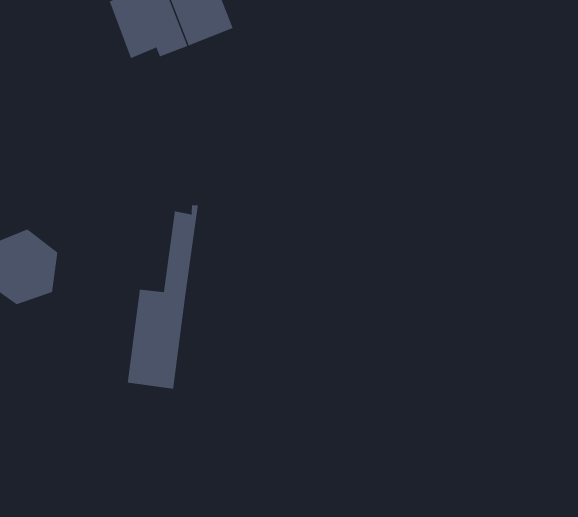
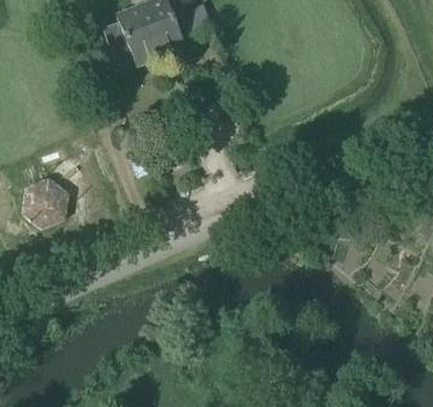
building: [127,205,199,390] -> none

